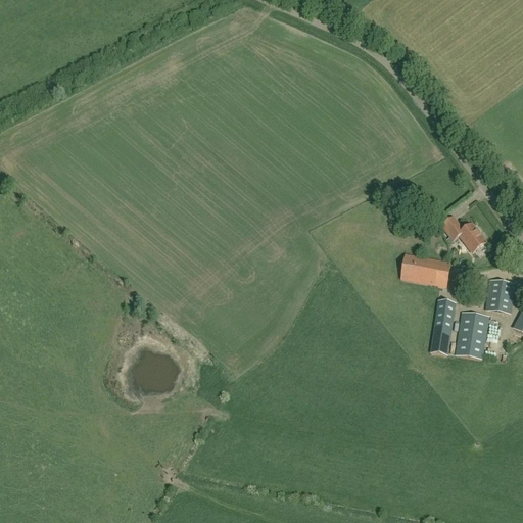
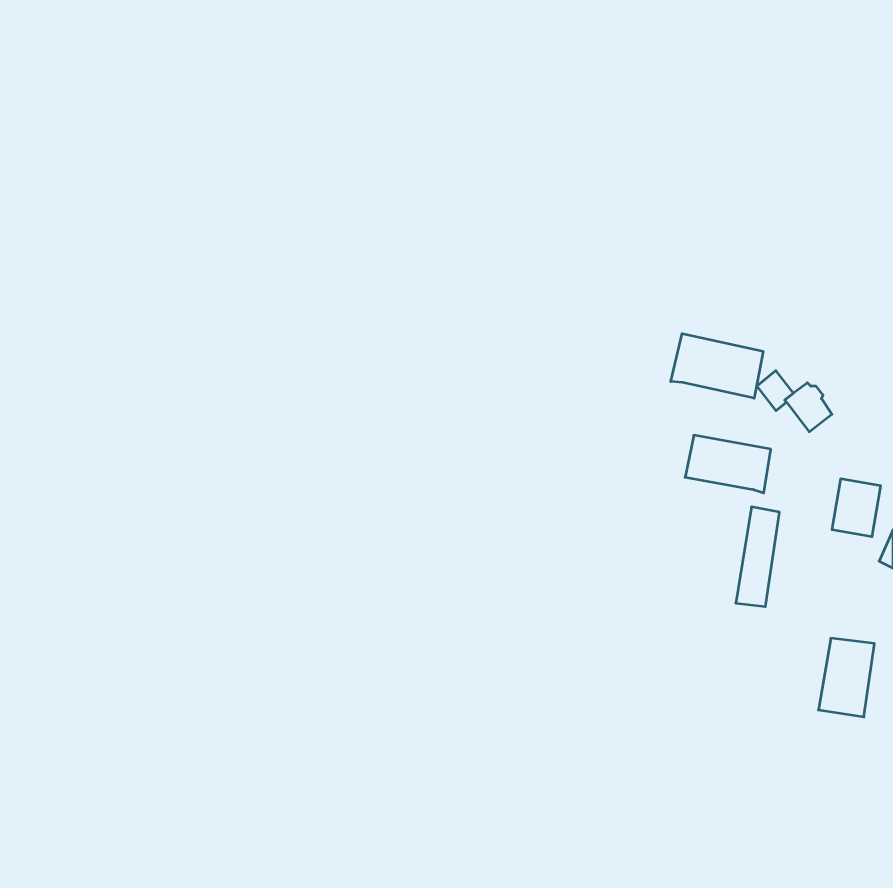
building: none -> [671,334,763,398]
building: [456,313,488,359] -> [818,638,874,717]

